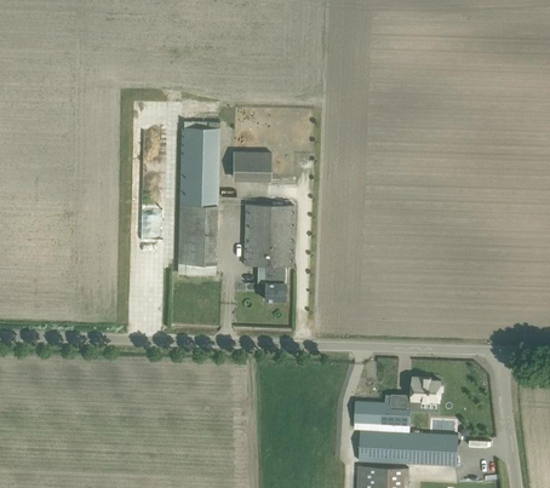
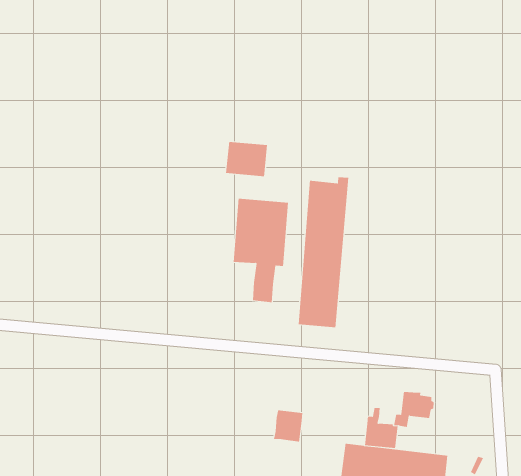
building: [178,121,218,264] -> [298,177,349,328]
building: [353,401,379,430] -> [273,410,303,442]

